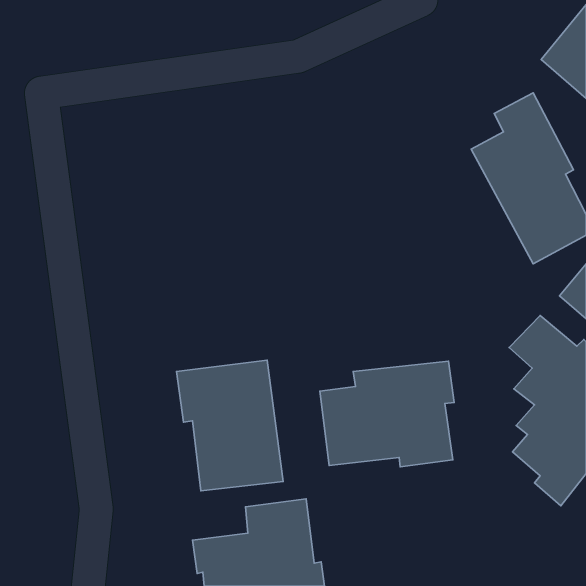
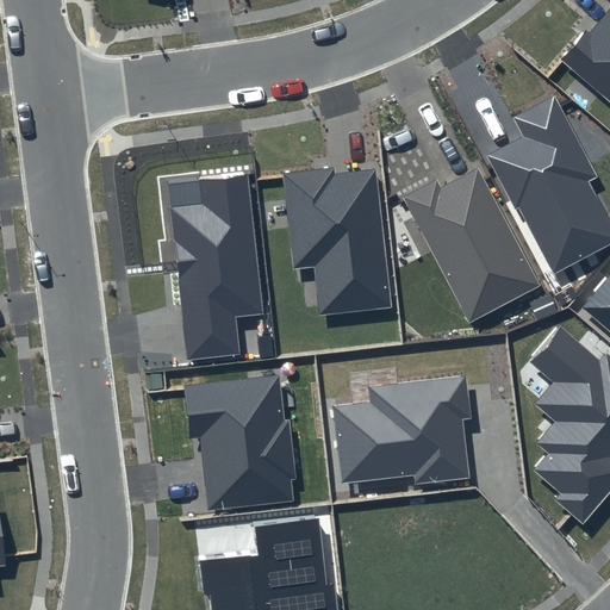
building: none -> [282,167,391,316]
building: none -> [403,168,541,323]
building: none -> [168,172,263,360]

